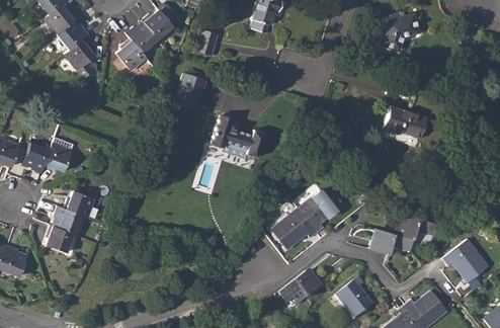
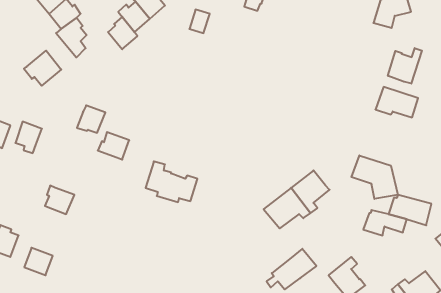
building: none -> [388,48,422,84]
building: none -> [24,51,61,86]
building: [178,73,205,95] -> none
building: [212,116,263,157] -> [146,161,197,202]
building: [44,143,72,170] -> [77,105,105,133]
building: none -> [351,155,398,199]
building: [63,189,94,217] -> [98,132,129,160]
building: [46,226,74,253] -> [24,248,53,275]

